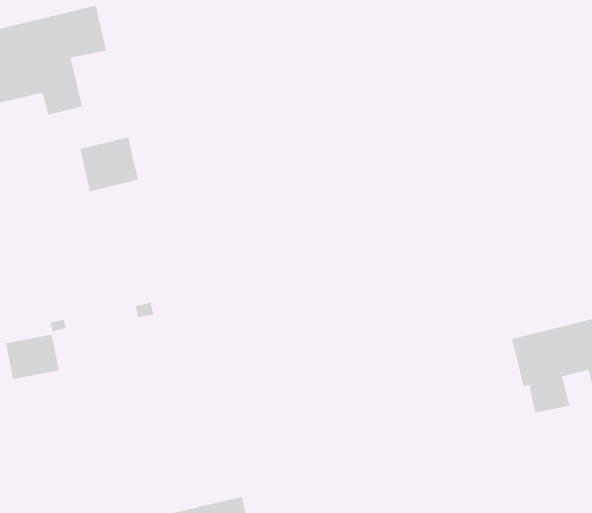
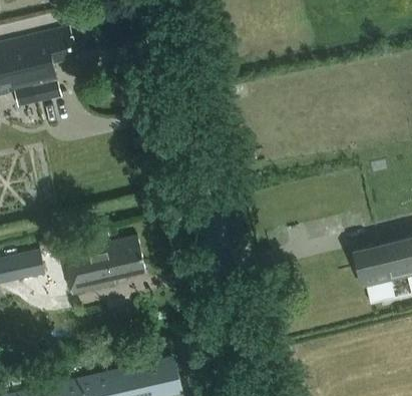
building: [79,137,139,192] -> none
building: none -> [61,236,144,295]

